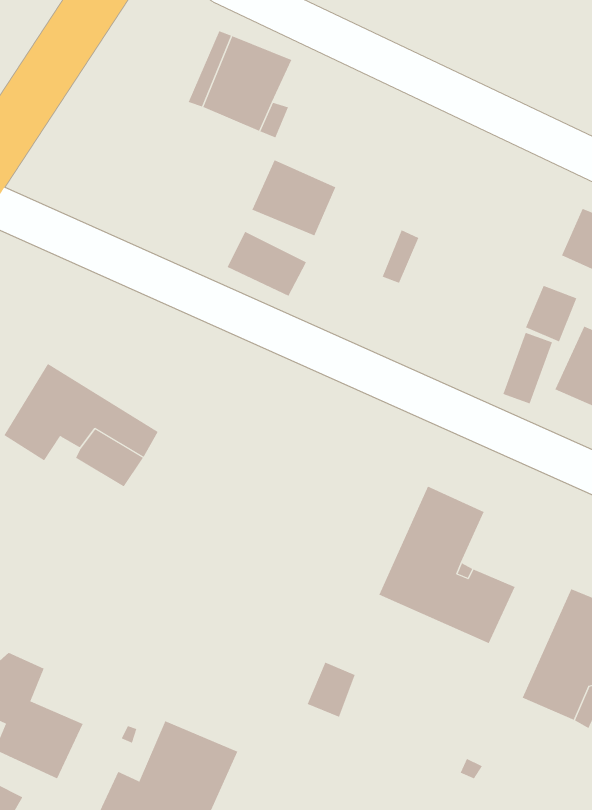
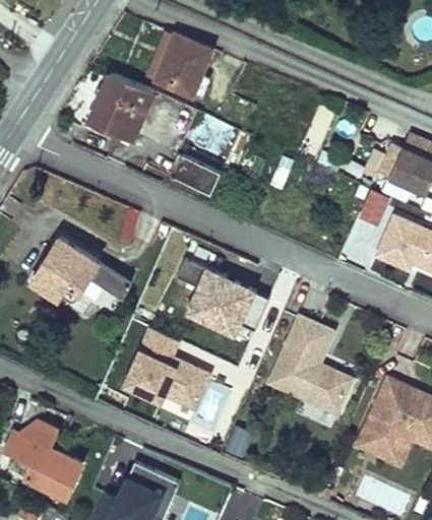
building: none -> [90,72,156,140]
building: none -> [175,261,268,343]
building: none -> [124,329,210,402]

